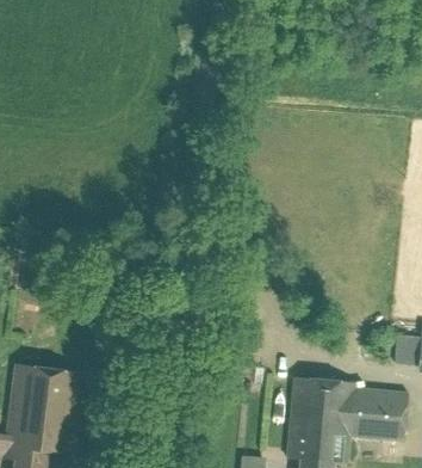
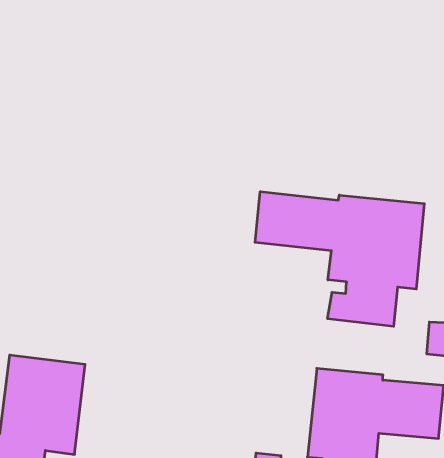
building: none -> [255,192,424,326]

